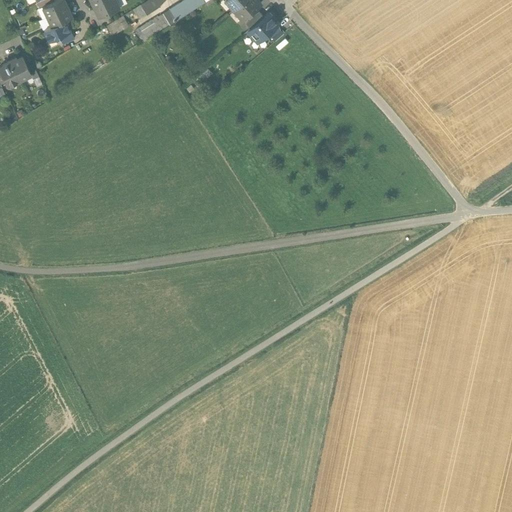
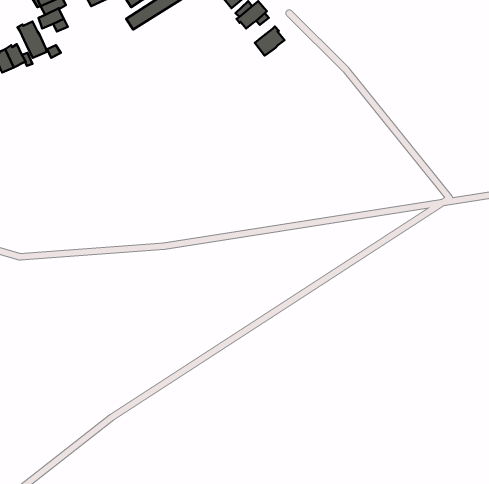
building: none -> [17,21,47,58]
building: none -> [255,26,284,55]

